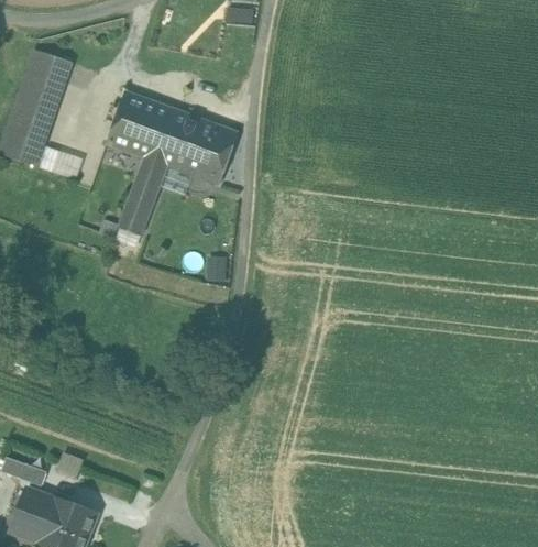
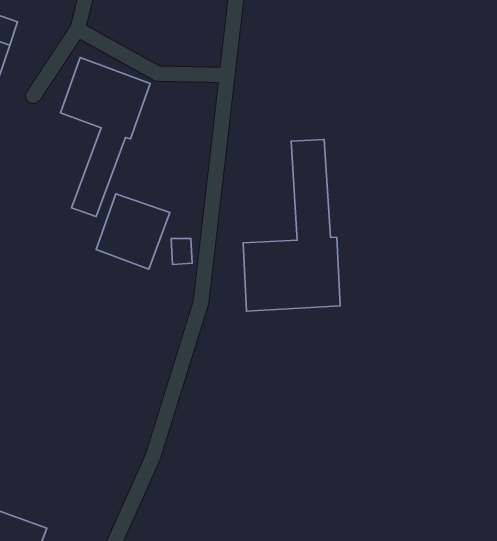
building: [171,117,237,184] -> [96,194,170,269]
building: none -> [243,140,340,311]

